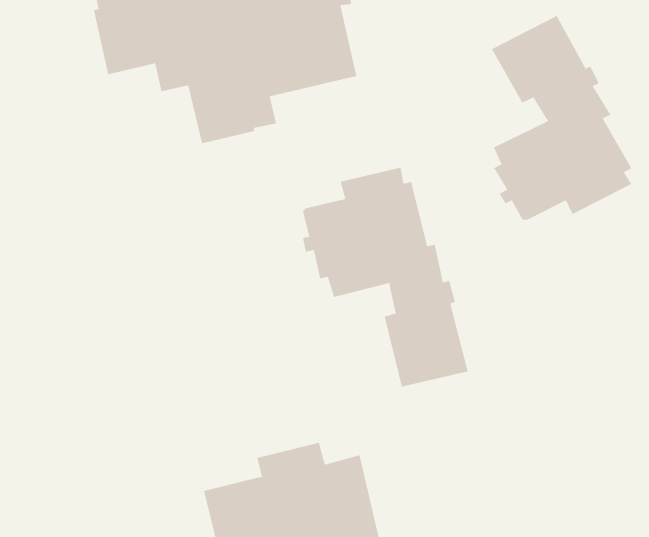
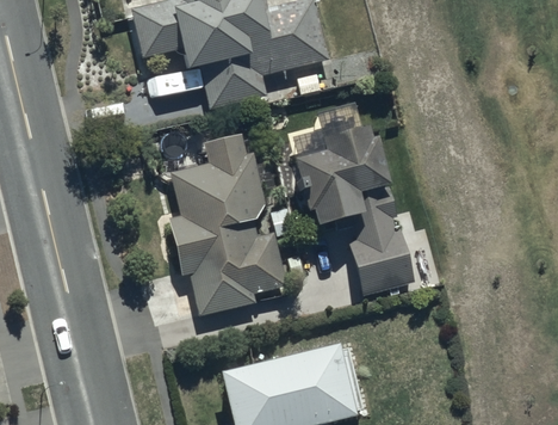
building: [491,15,632,221] -> none
building: none -> [168,134,289,315]

